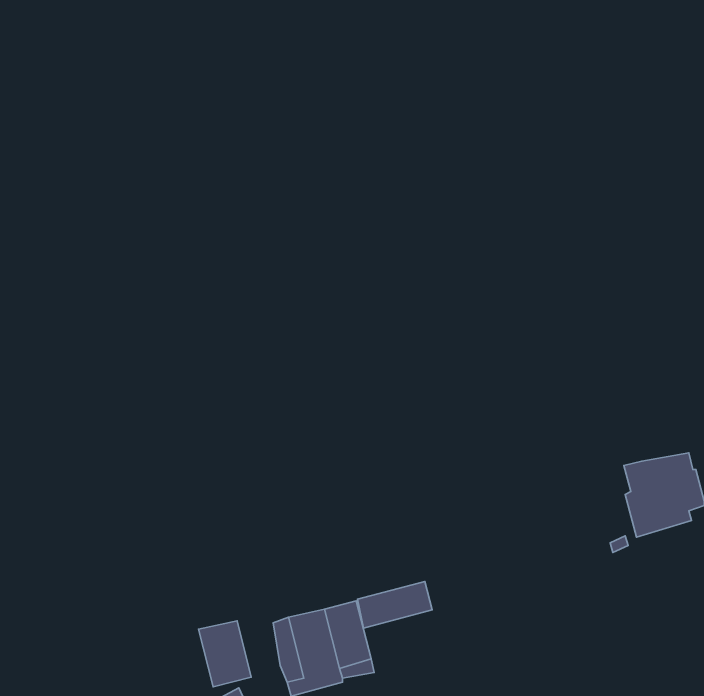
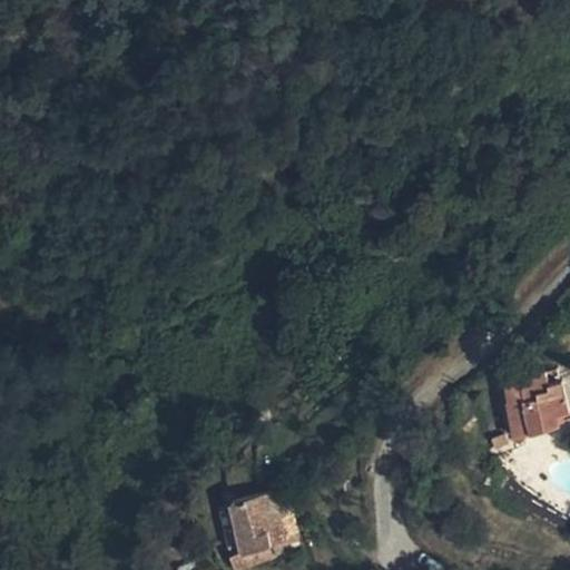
building: [357,582,432,628] -> none
building: [199,621,251,687] -> none

